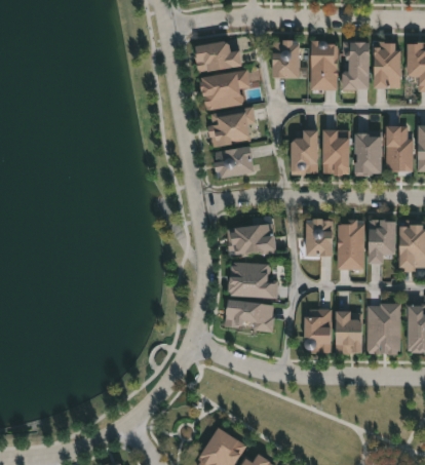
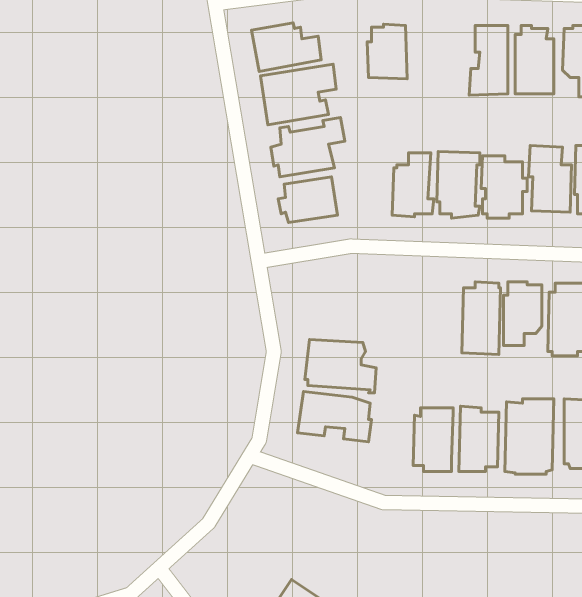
building: [309,41,338,91] -> none
building: [304,220,335,258] -> none
building: [227,221,276,255] -> none

